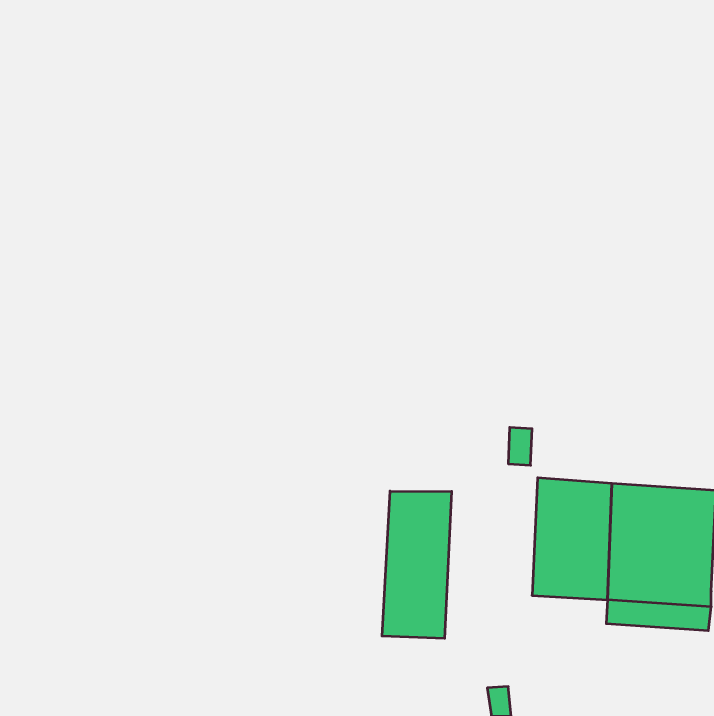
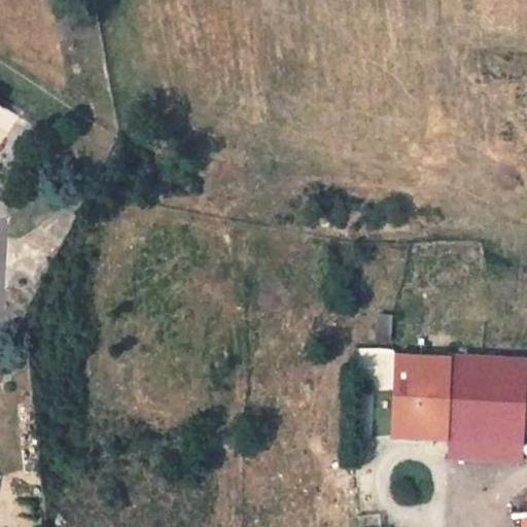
building: [382,491,452,638] -> none

